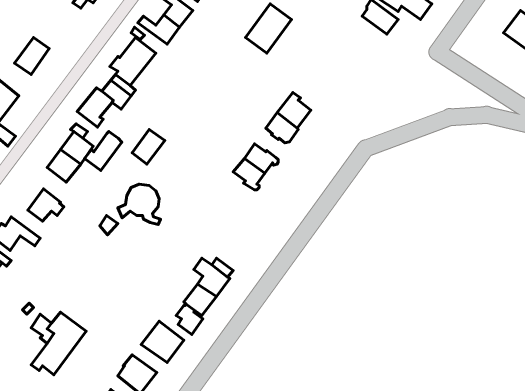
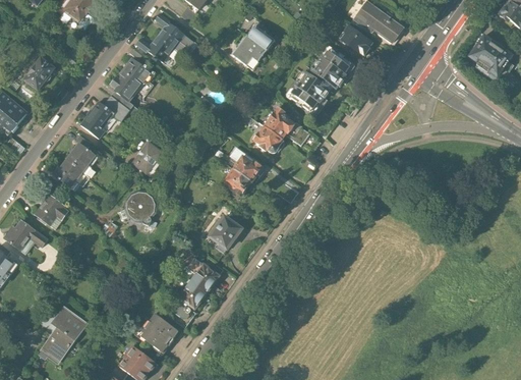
building: none -> [288,52,356,113]
building: [85,132,122,171] -> none
building: none -> [206,213,240,248]

